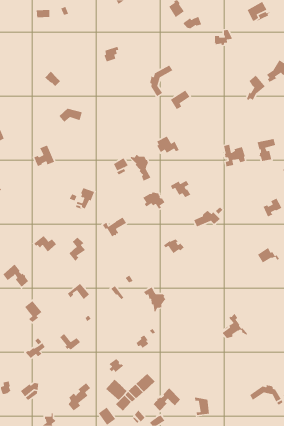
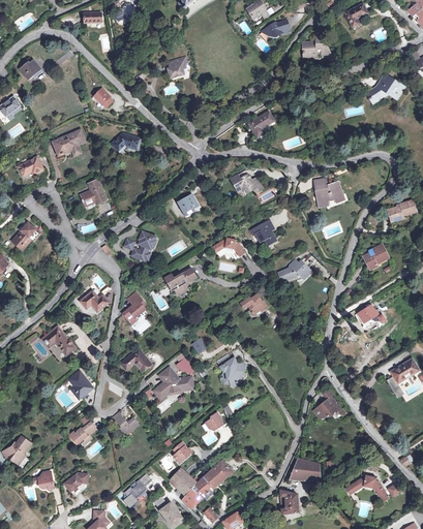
building: [149,65,173,97] -> none
building: [246,74,266,102] -> none
building: none -> [52,131,85,156]
building: [256,138,276,162] -> none
building: [130,154,151,182] -> none
building: none -> [154,367,192,398]
building: none -> [290,459,320,479]
building: [153,387,181,412] -> none

